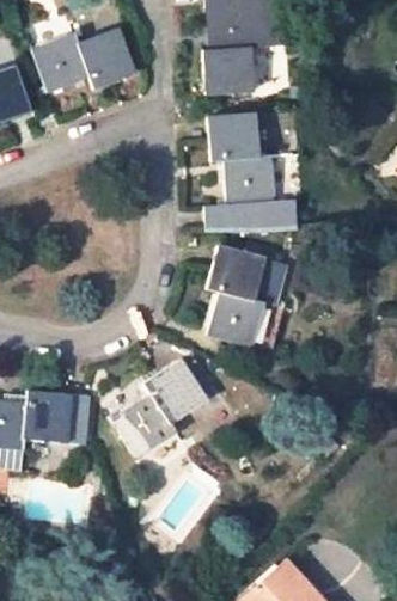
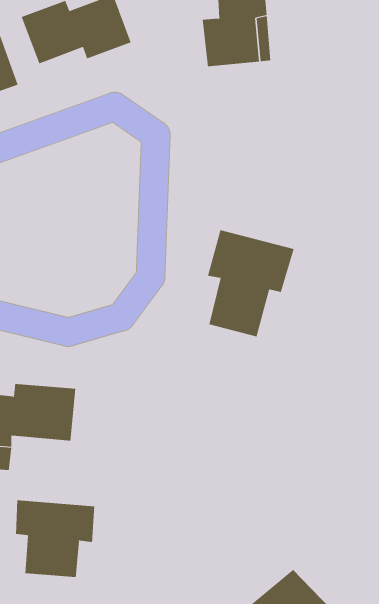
building: [206,114,297,232] -> none
building: [114,360,207,456] -> none
building: none -> [15,499,95,578]

